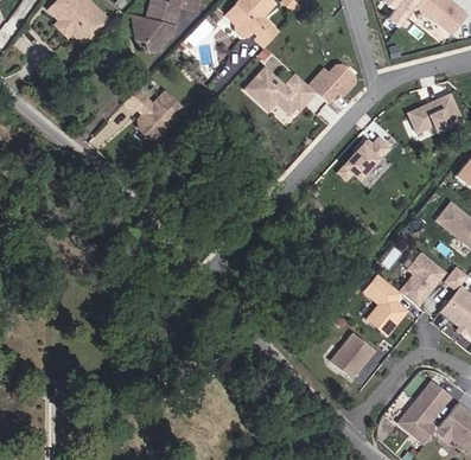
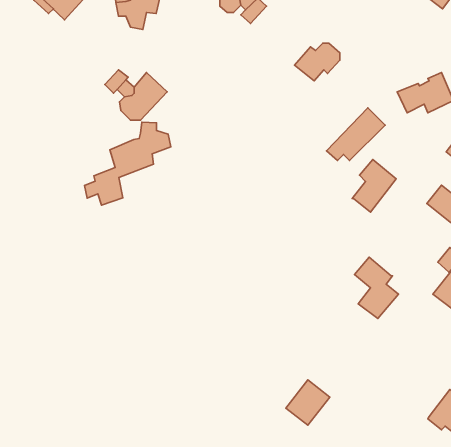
building: [246,71,314,115] -> none
building: none -> [85,122,171,205]
building: [400,254,443,305] -> [352,159,396,212]
building: [331,333,374,377] -> [286,380,330,425]
building: [400,383,451,442] -> none

